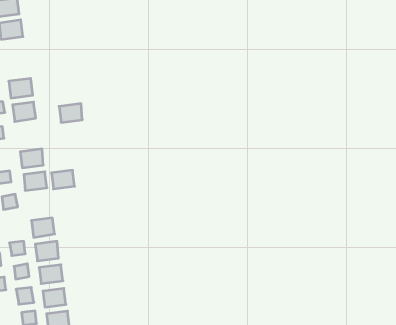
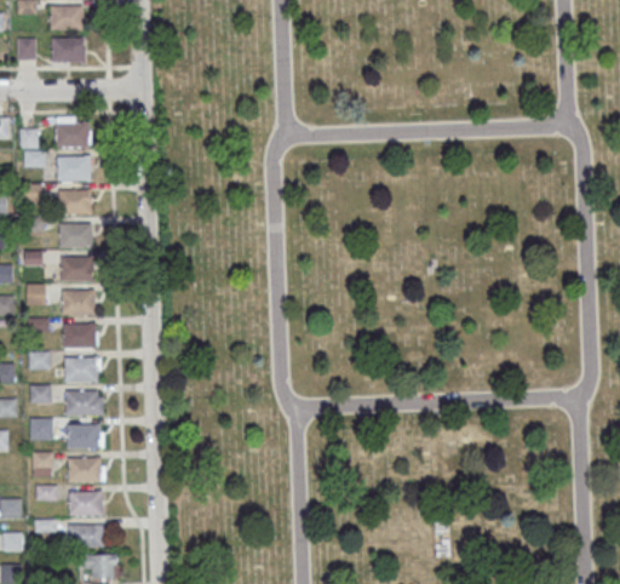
building: [59,104,82,122] -> [59,190,91,213]
building: [51,170,75,189] -> [63,291,93,314]

